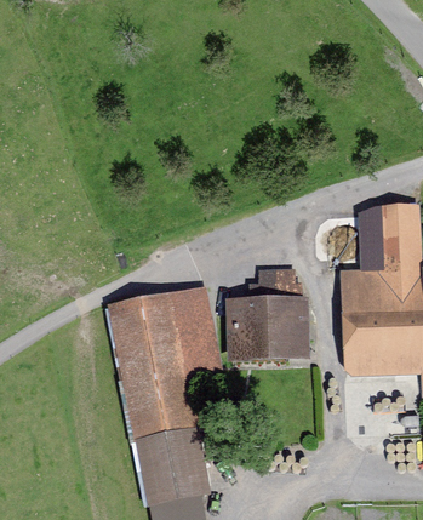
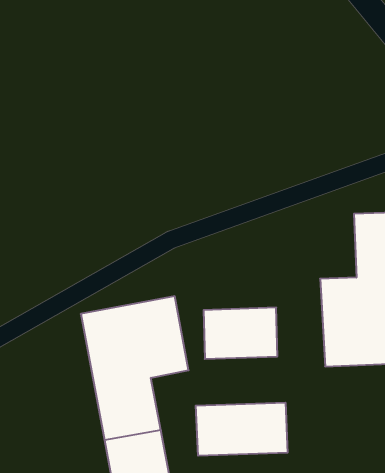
building: none -> [196,403,288,456]

